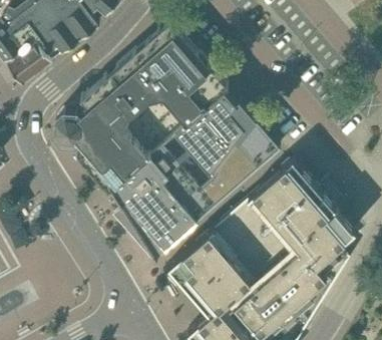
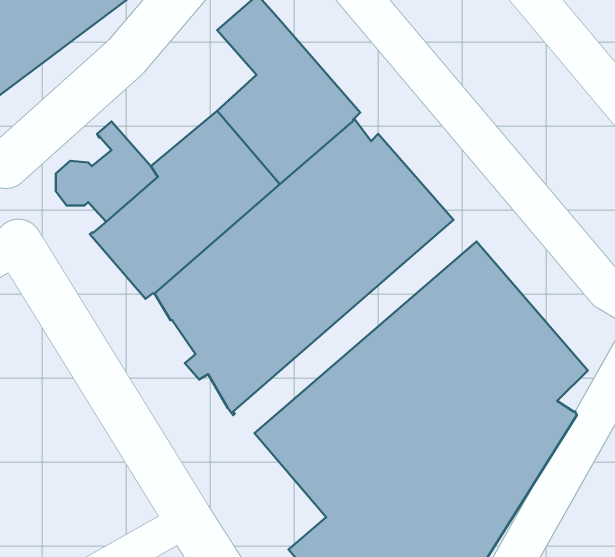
building: [88,42,169,118] -> none

